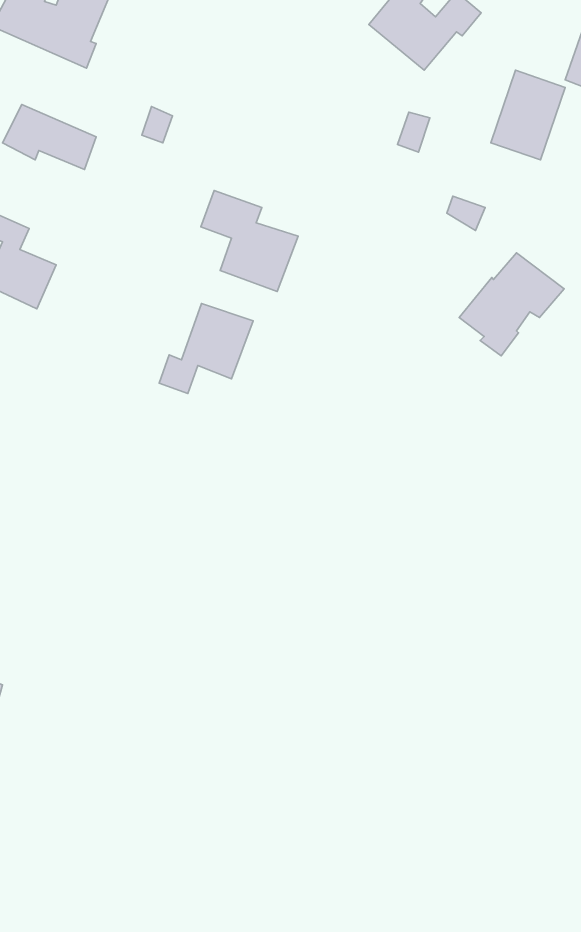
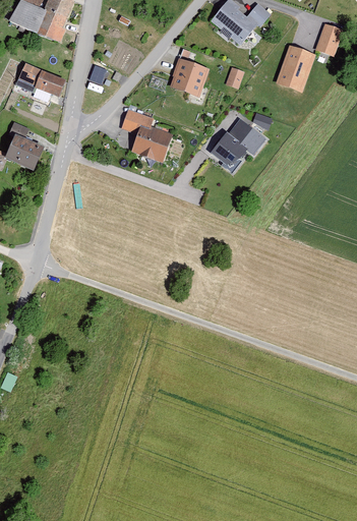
building: none -> [169,57,210,97]
building: [459,253,564,356] -> [210,118,265,173]
building: [159,304,253,394] -> none

